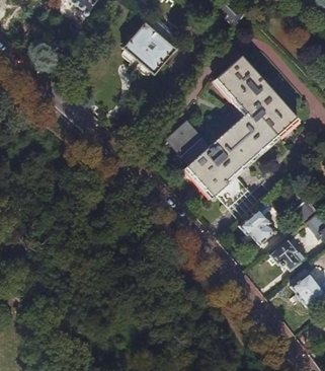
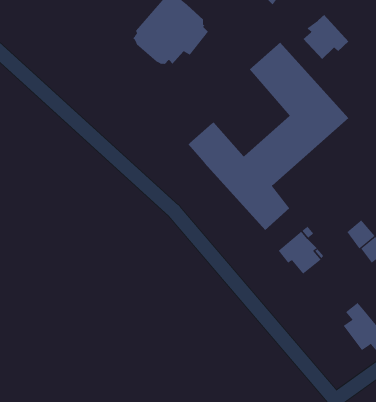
building: none -> [302,14,349,60]
building: [269,241,304,270] -> none

